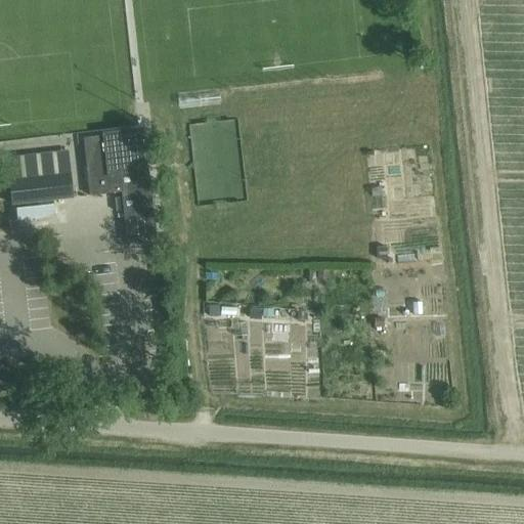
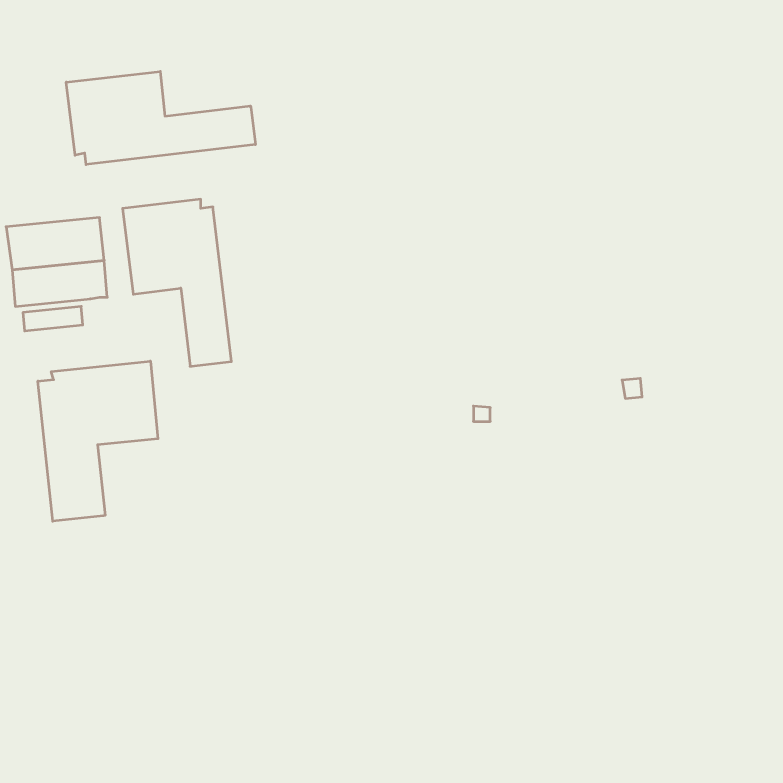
building: none -> [66,71,255,165]
building: none -> [38,361,158,521]

